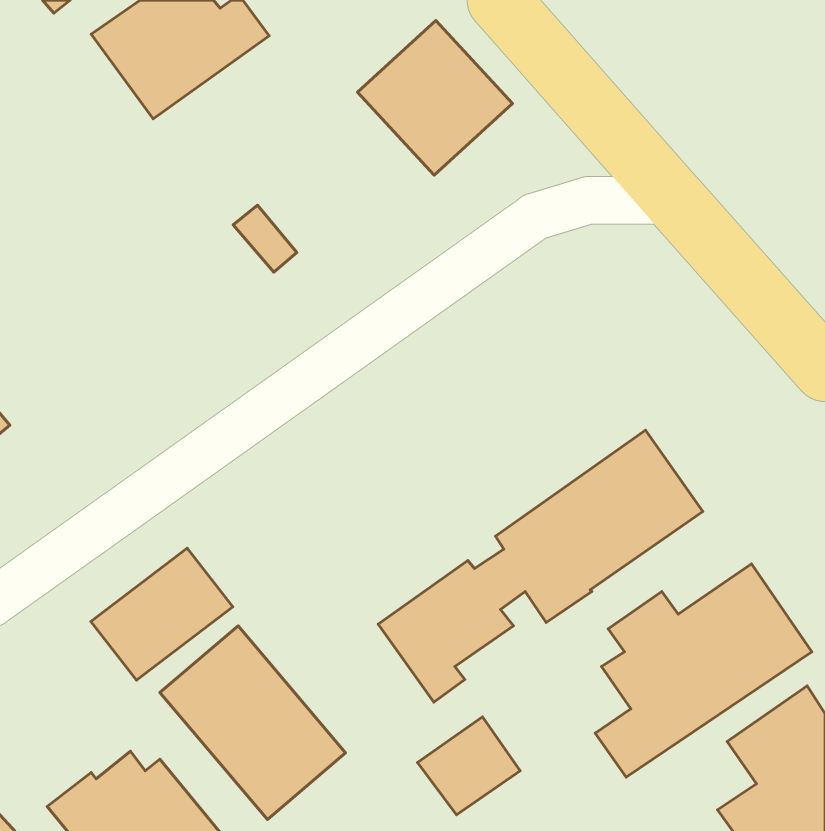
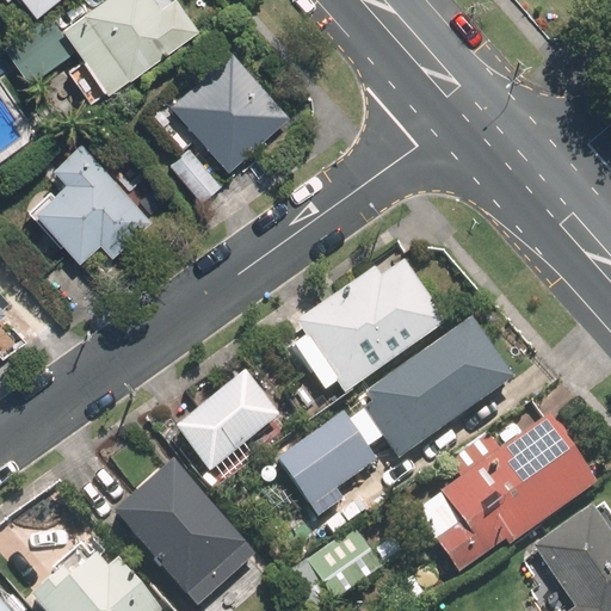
building: [358,20,512,175] -> [174,55,288,168]
building: none -> [41,143,147,259]
building: none -> [296,263,445,391]
building: [91,548,233,680] -> [175,371,279,468]

